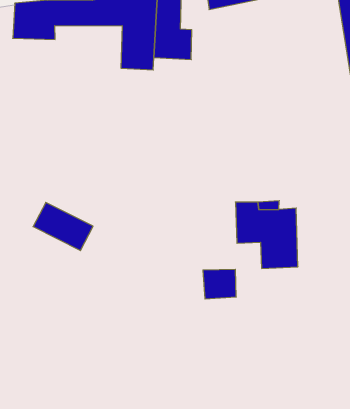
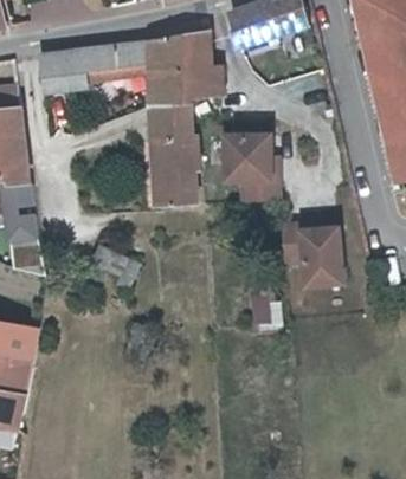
building: none -> [159,110,199,206]
building: none -> [221,140,272,207]

